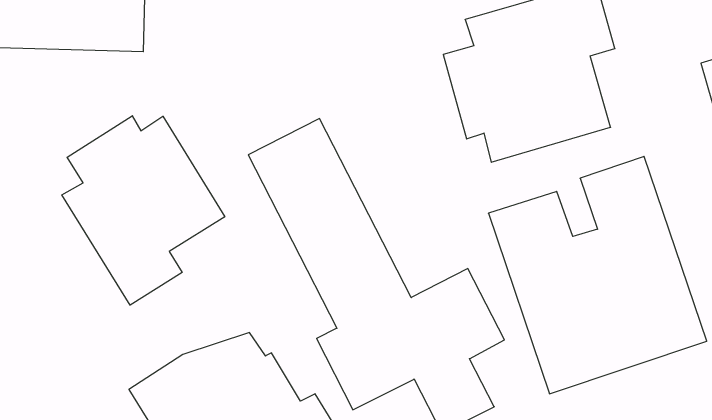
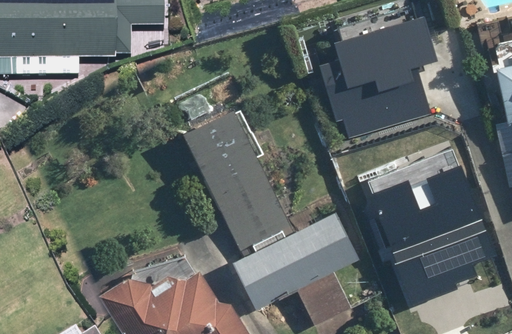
building: [62,116,225,305] -> none

